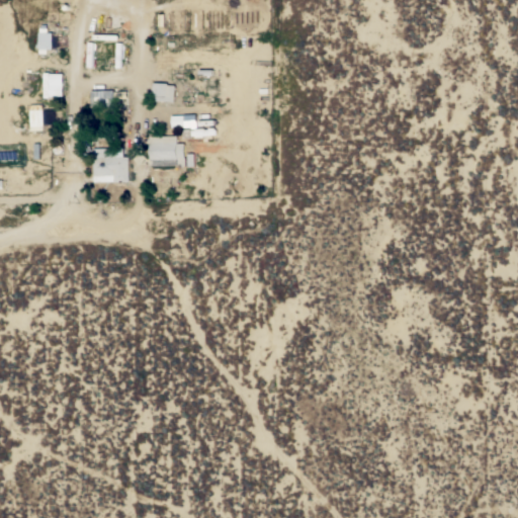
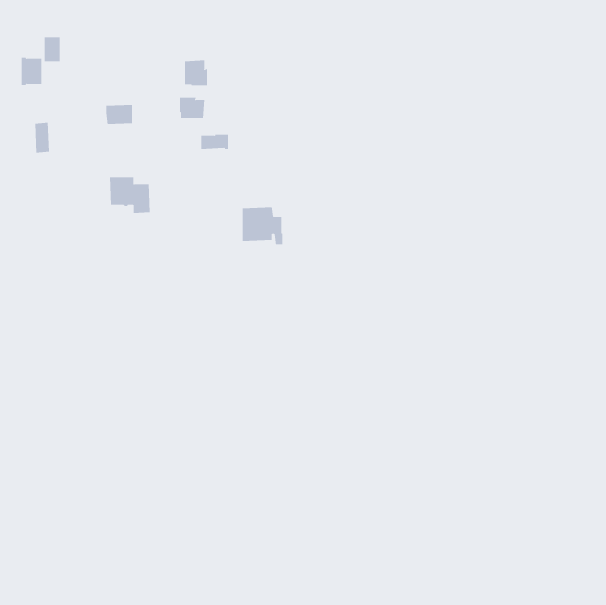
building: none -> [185,60,207,86]
building: [44,74,62,98] -> [21,57,42,86]
building: [150,137,185,169] -> [242,207,283,245]

